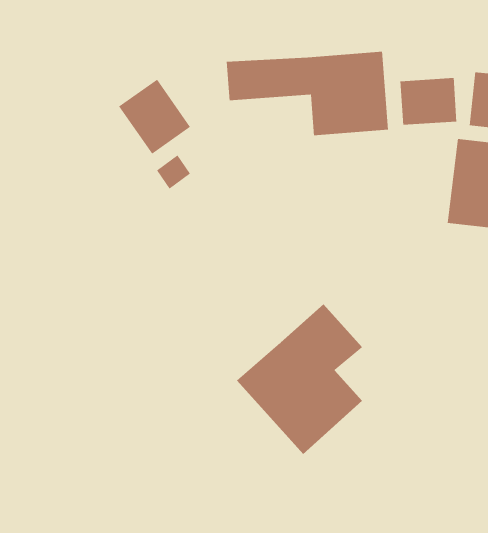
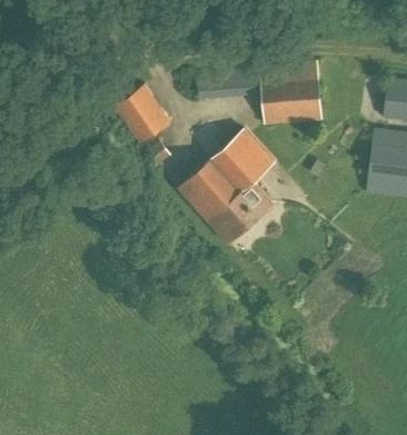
building: [400,77,457,126] -> none
building: [236,303,363,455] -> [178,128,275,244]

